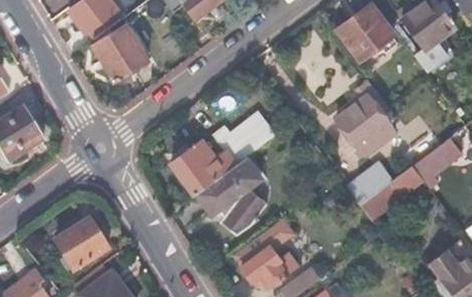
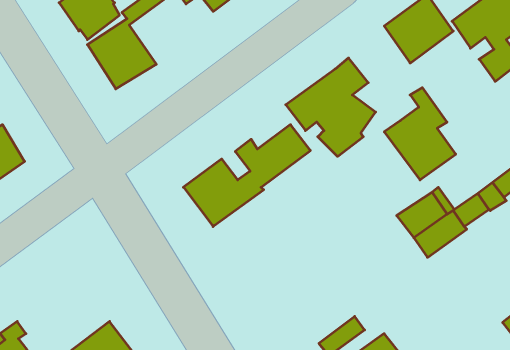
building: [196,154,270,234] -> [286,58,376,156]
building: [53,216,107,271] -> none
building: [233,218,295,286] -> none

